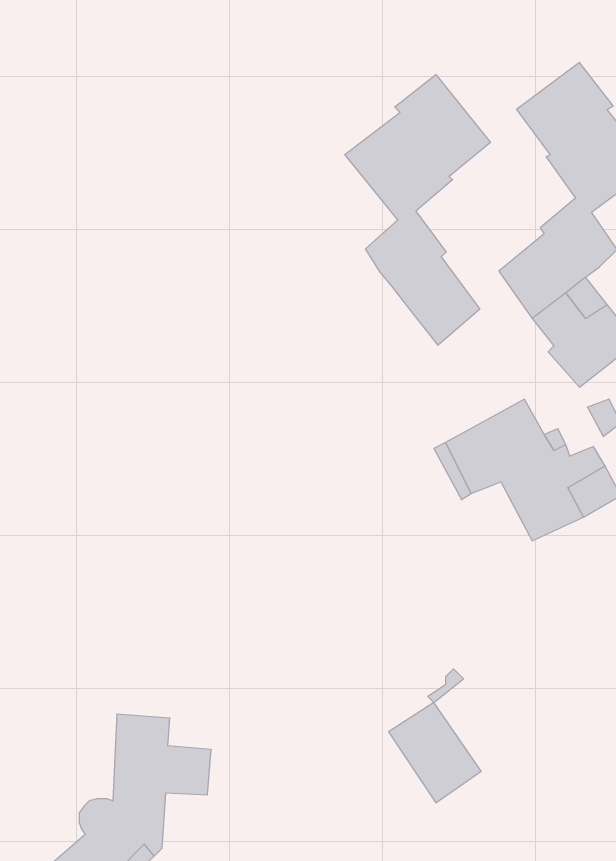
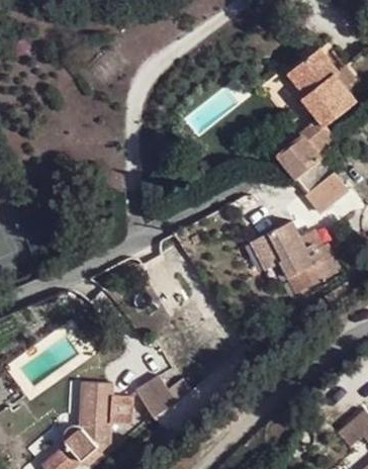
building: [345,75,490,345] -> none
building: [389,702,481,803] -> [134,376,182,428]

